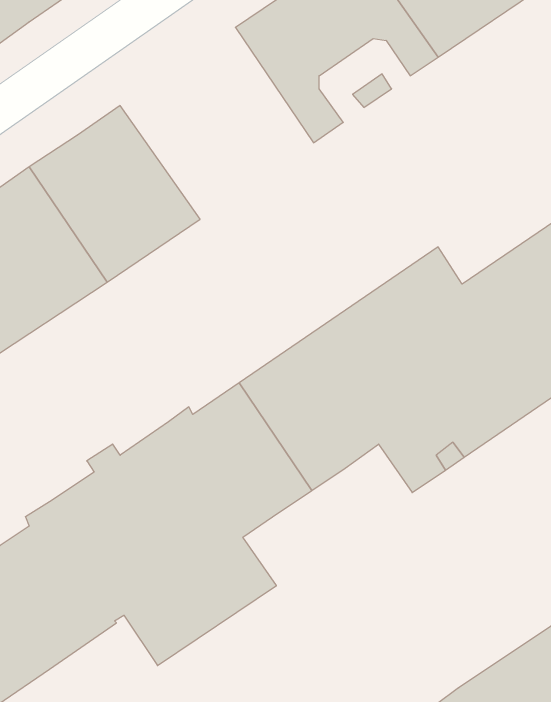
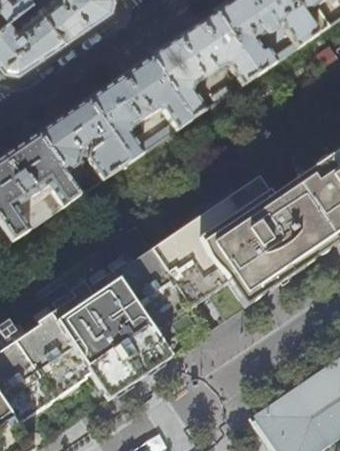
building: none -> [85,59,189,162]

